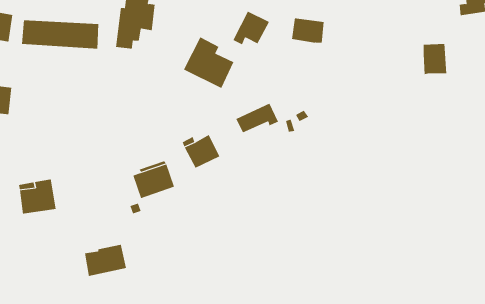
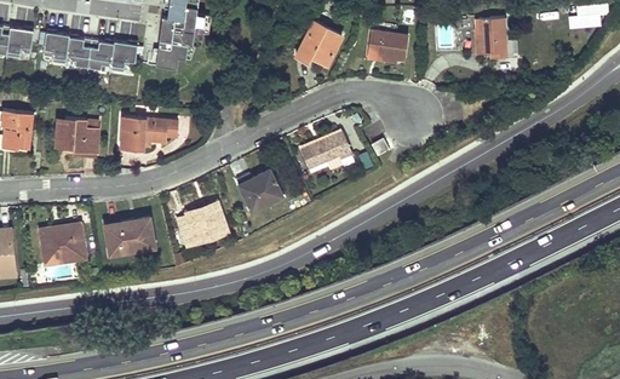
building: [183,36,234,89] -> none
building: [423,44,447,75] -> [478,17,507,54]
building: none -> [120,117,178,150]
building: none -> [54,119,98,154]
building: [84,244,127,276] -> [105,217,156,255]

